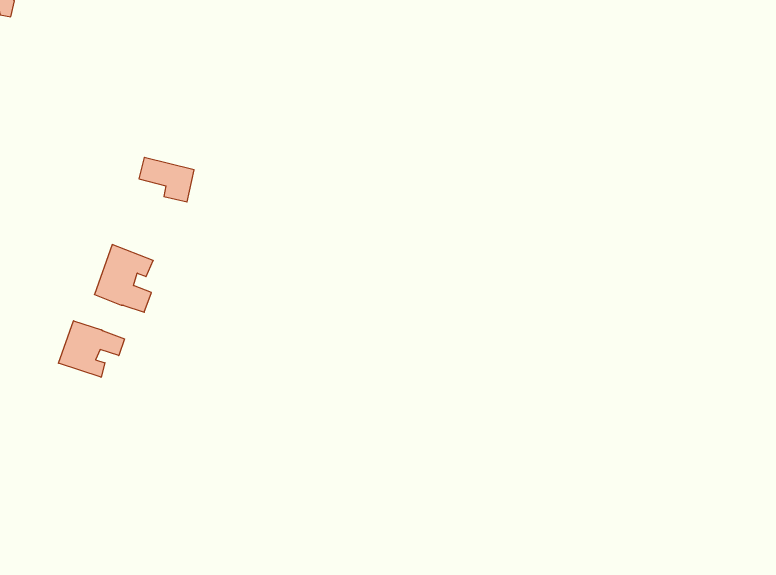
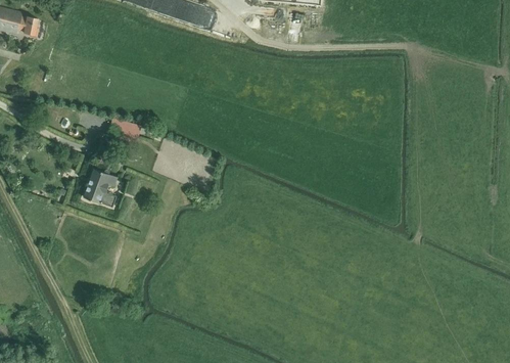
building: [58,321,125,377] -> none

